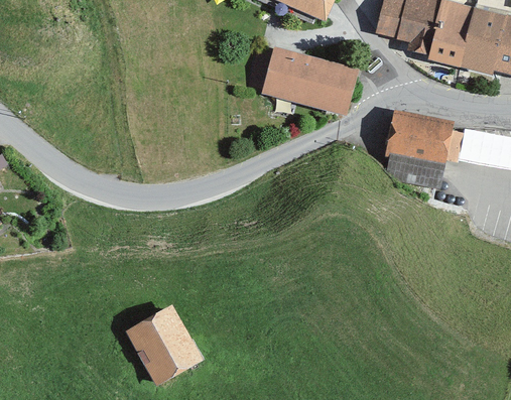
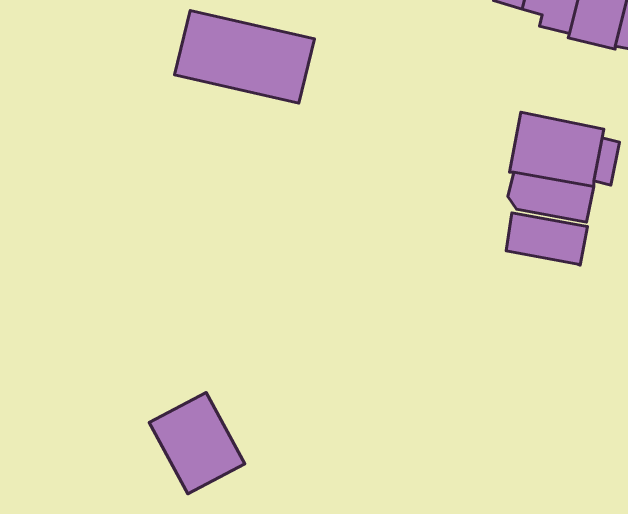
building: [262,46,361,112] -> [174,10,314,103]
building: none -> [506,213,588,265]

